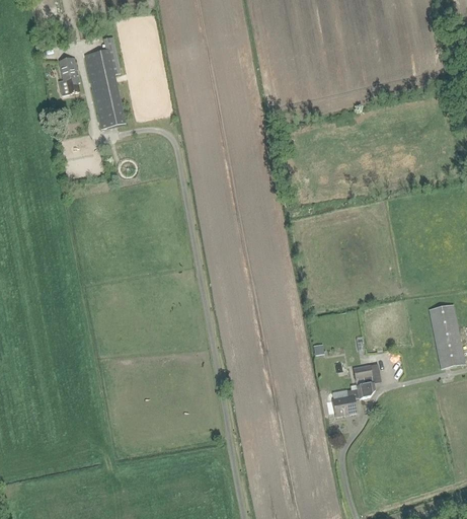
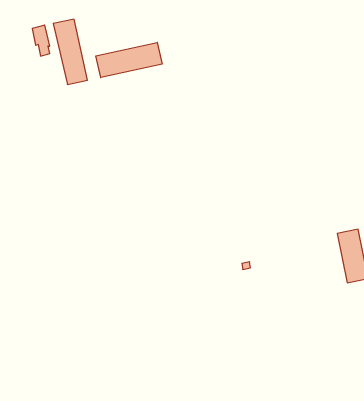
building: none -> [96,42,162,78]
building: [332,364,376,416] -> none

